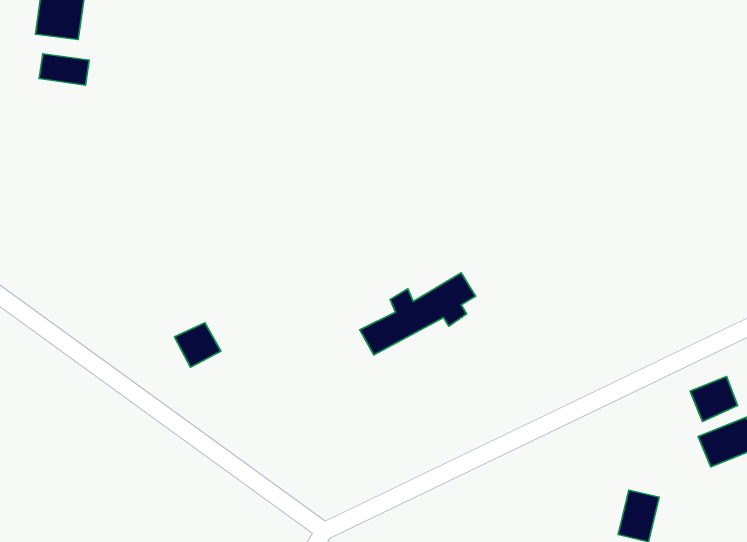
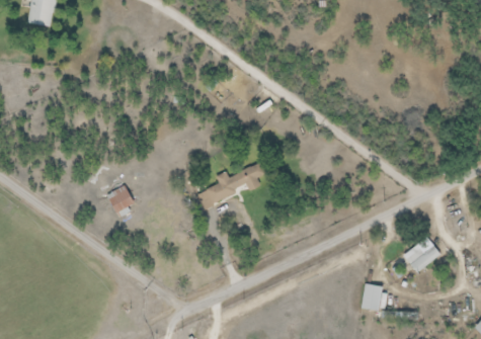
building: [39,54,89,85] -> none
building: [690,376,738,421] -> none

